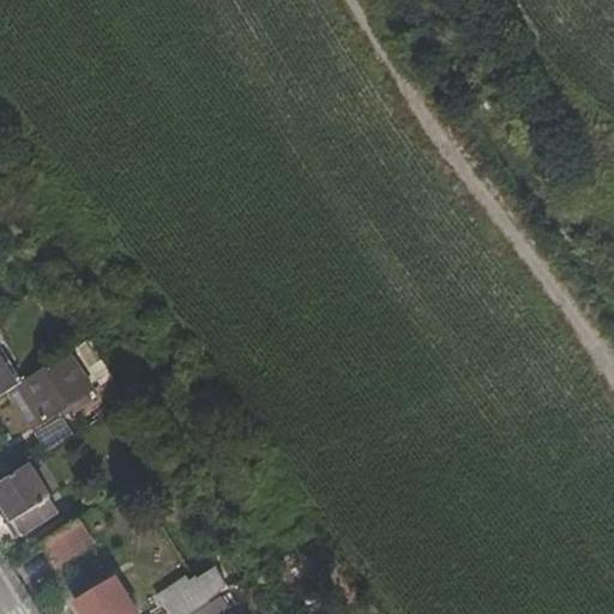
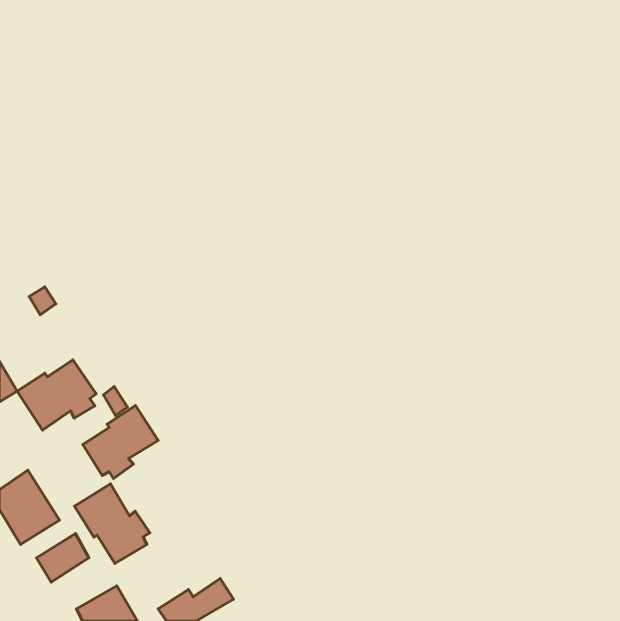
building: none -> [83,406,158,478]
building: none -> [75,484,150,564]

